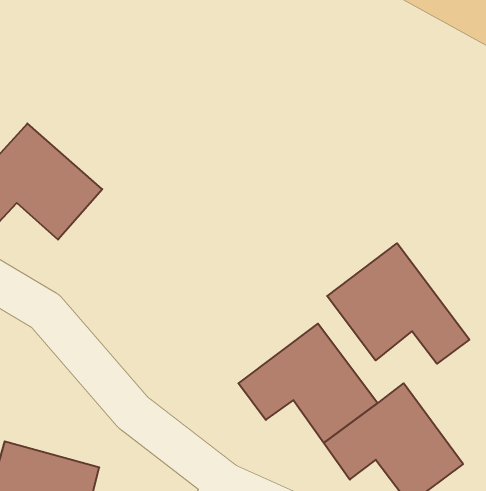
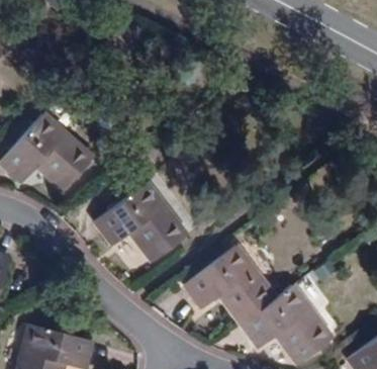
building: none -> [96,183,188,261]
building: [327,243,469,364] -> none

